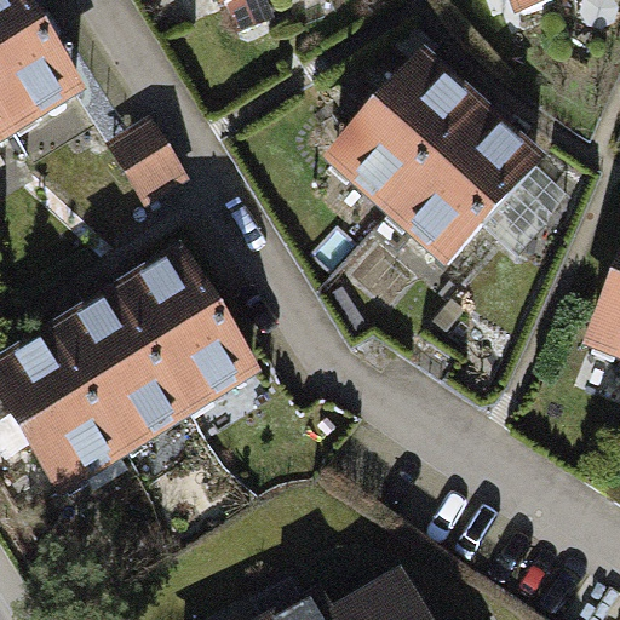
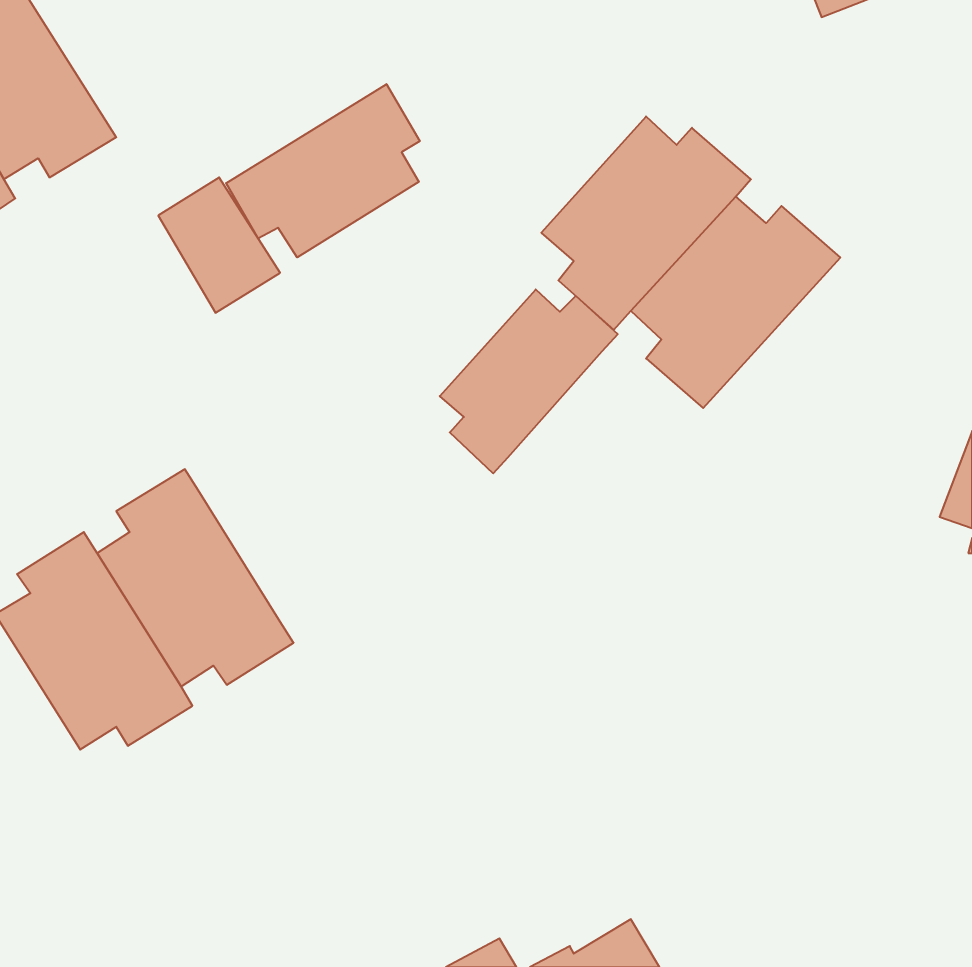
building: none -> [226,84,420,257]
building: none -> [440,289,618,473]
building: [126,259,249,395] -> none

